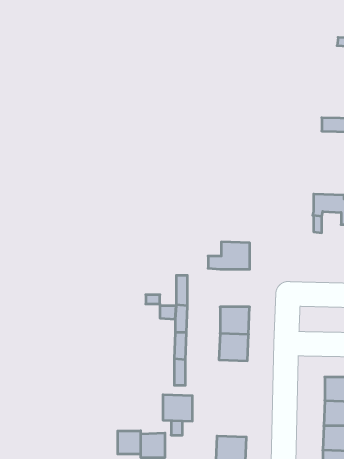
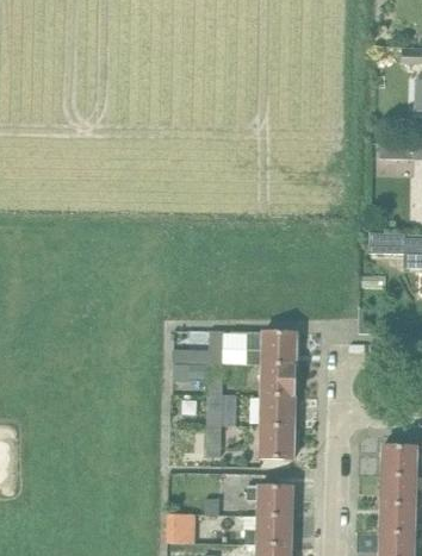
building: [208,242,250,269] -> [246,331,294,363]
building: none -> [257,425,292,457]
building: [163,395,192,421] -> [256,485,291,516]
building: [118,431,141,454] -> none

